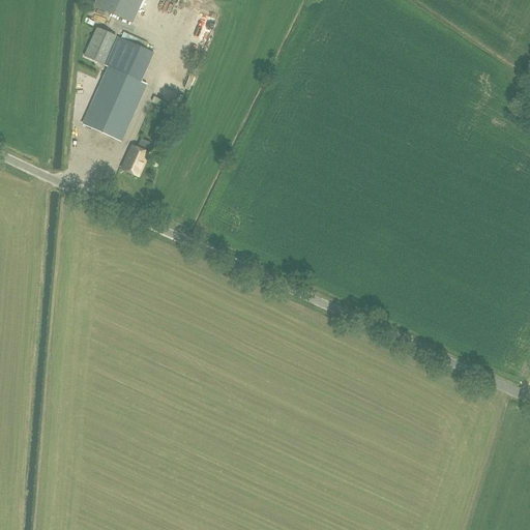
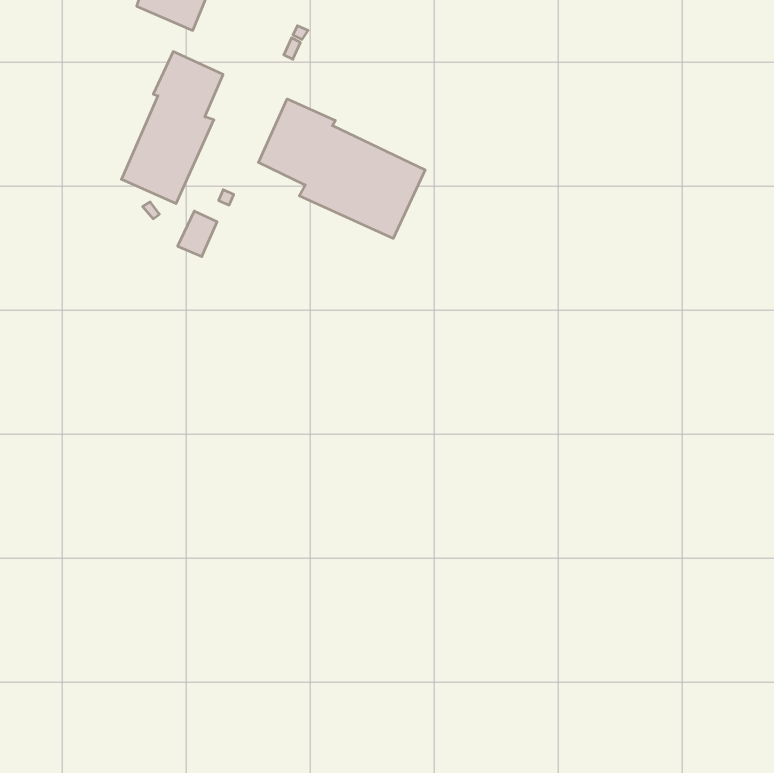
building: [84,25,115,62] -> none
building: none -> [258,99,425,238]

